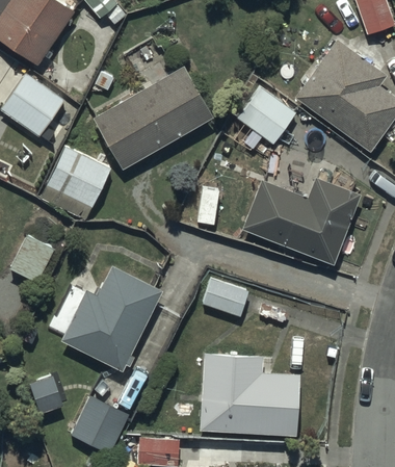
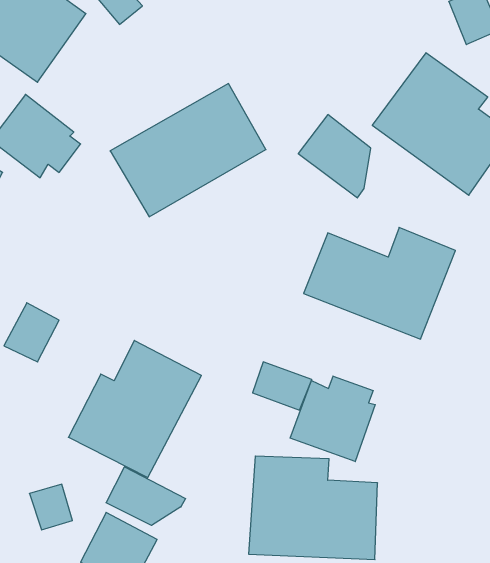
building: [38,147,110,222] -> none
building: none -> [290,376,375,462]
building: none -> [106,467,186,525]

